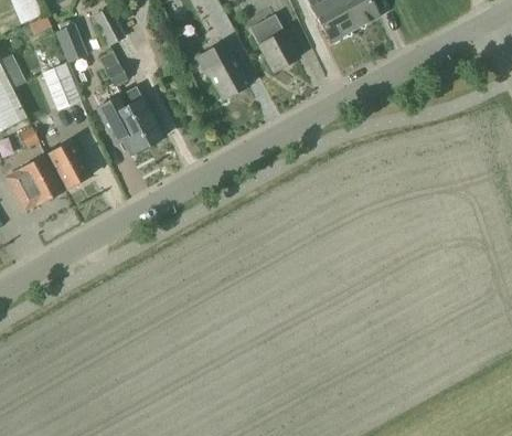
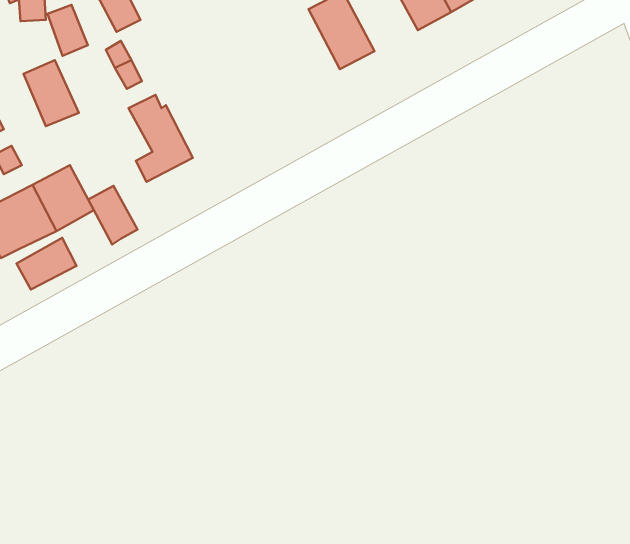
building: [193,39,246,97] -> none
building: [97,99,134,142] -> [88,186,138,244]
building: none -> [17,238,76,289]

